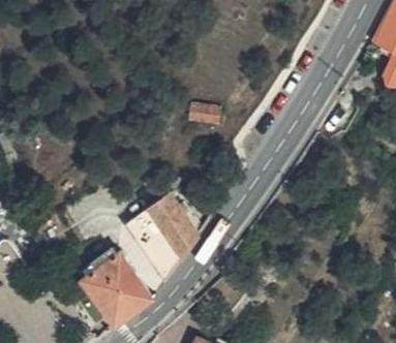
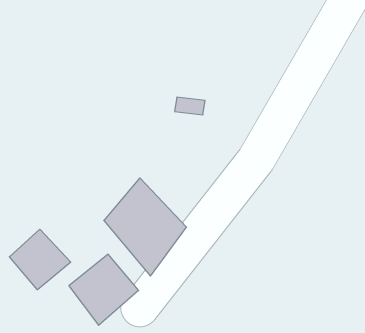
building: none -> [9,229,71,290]

